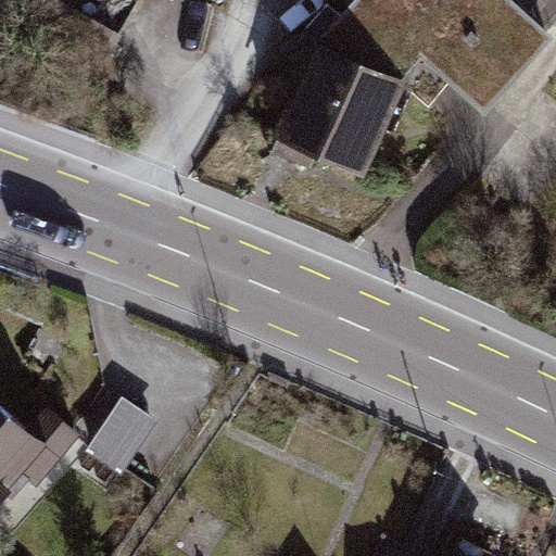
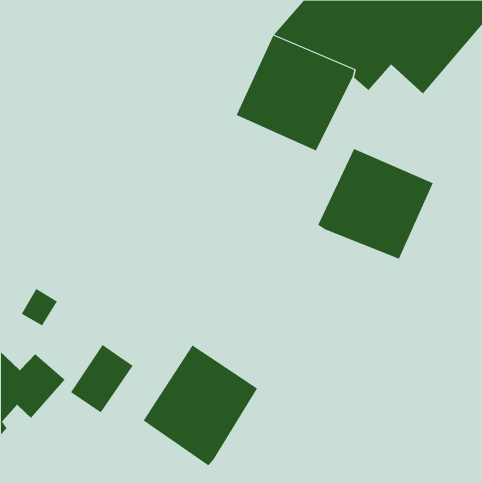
building: none -> [317,148,434,260]
building: none -> [143,345,258,466]

